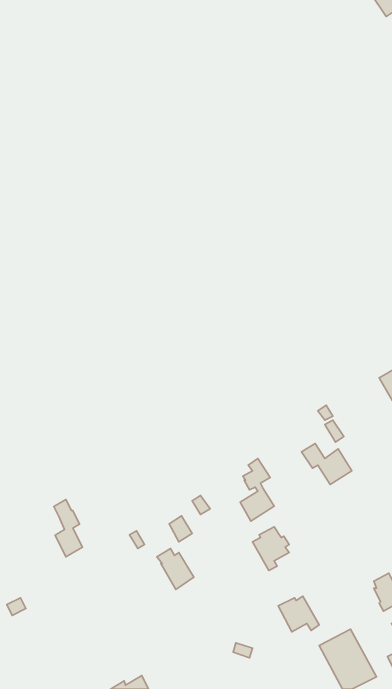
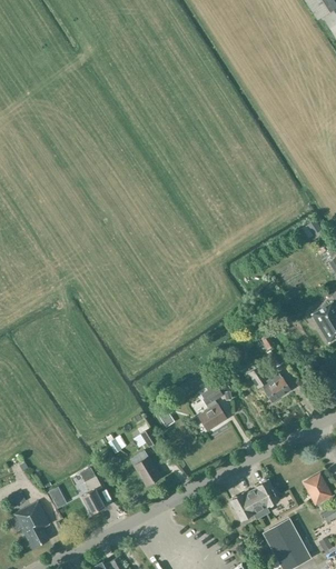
building: [54,500,82,557] -> [81,468,105,515]
building: [252,527,289,570] -> [250,480,280,516]
building: none -> [12,501,51,548]

